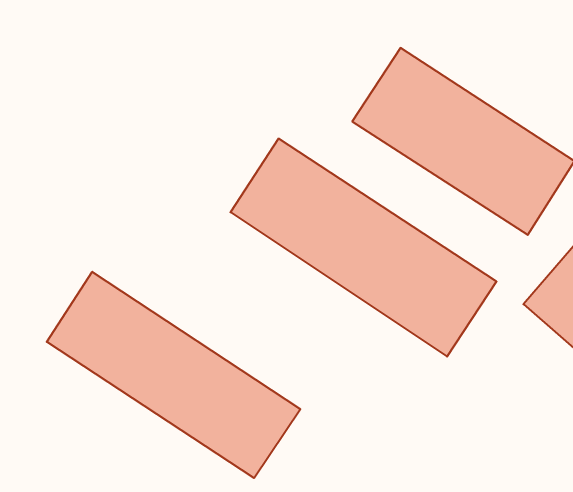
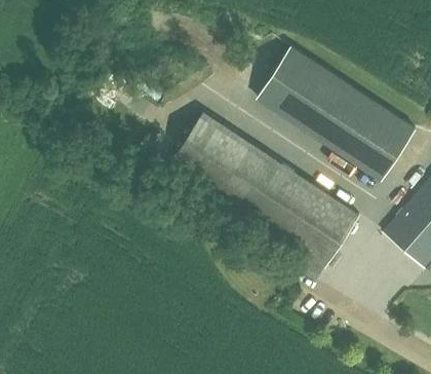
building: [47,272,300,478] -> none

